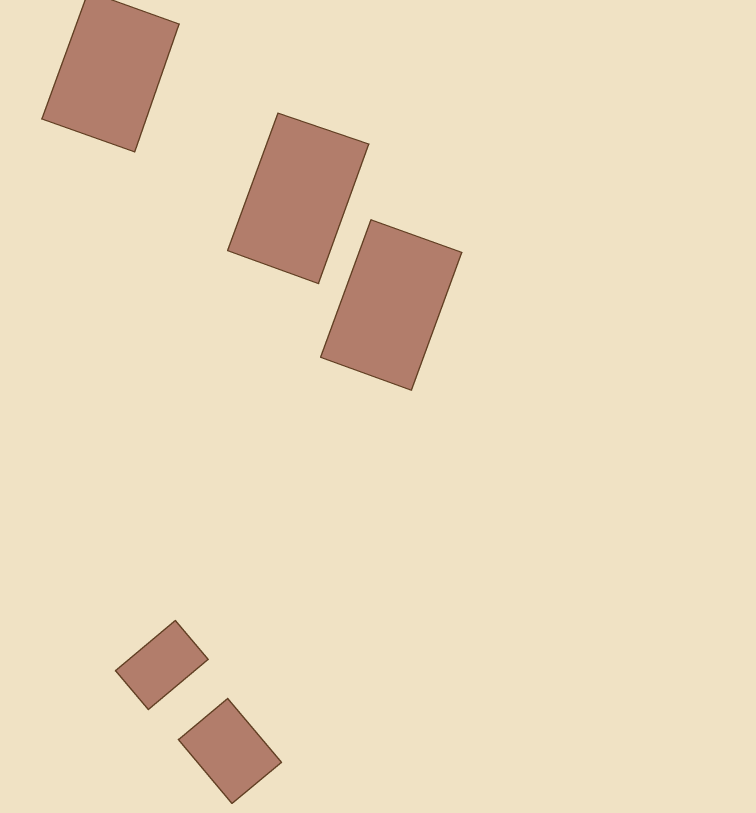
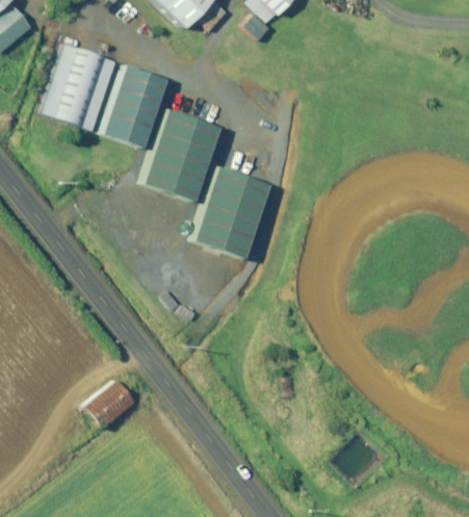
building: none -> [103,65,167,147]
building: [178,698,281,803] -> none

